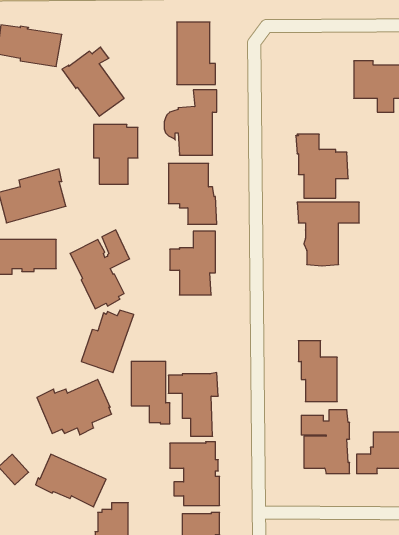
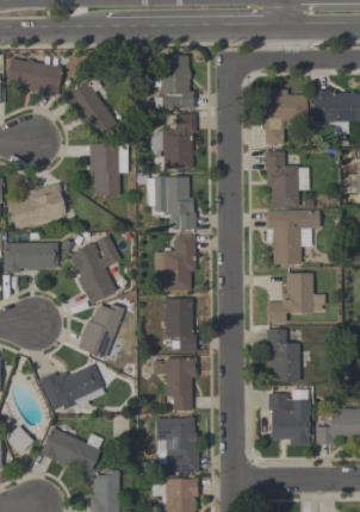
building: none -> [265,89,306,144]
building: none -> [266,273,324,323]
building: [131,361,170,424] -> [163,299,197,352]

